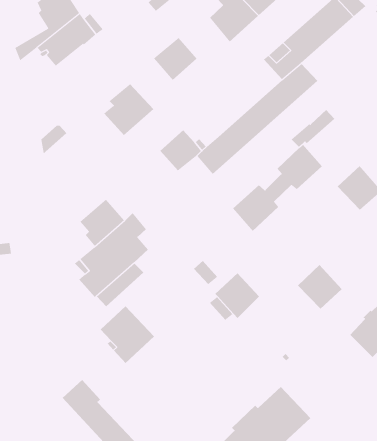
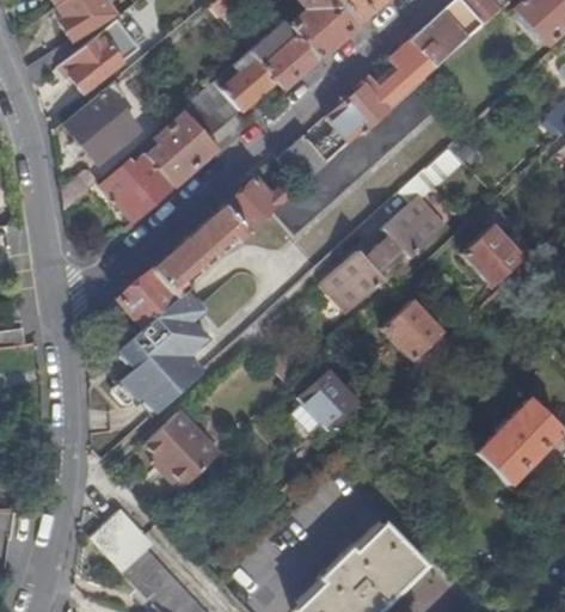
building: none -> [251,20,319,88]
building: none -> [188,80,242,135]
building: none -> [278,81,389,185]
building: none -> [66,88,142,165]
building: none -> [103,153,177,221]
building: none -> [153,204,250,298]
building: [297,264,343,310] -> [383,298,444,359]

